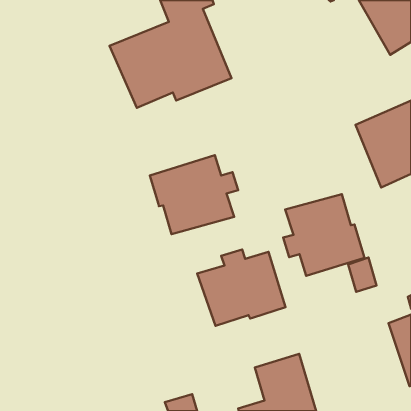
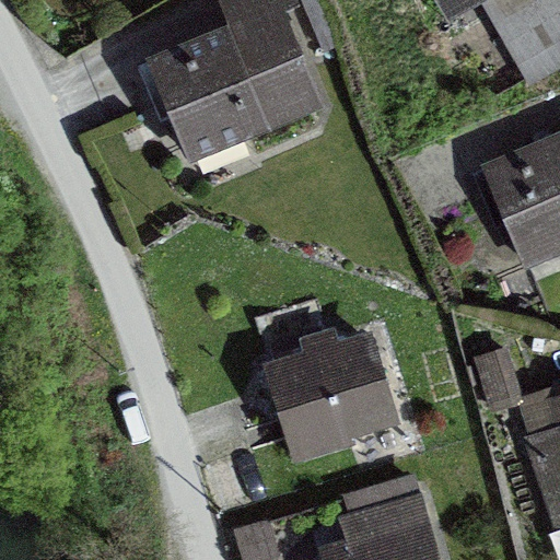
building: [150,155,238,234] -> none
building: [283,194,364,276] -> none

